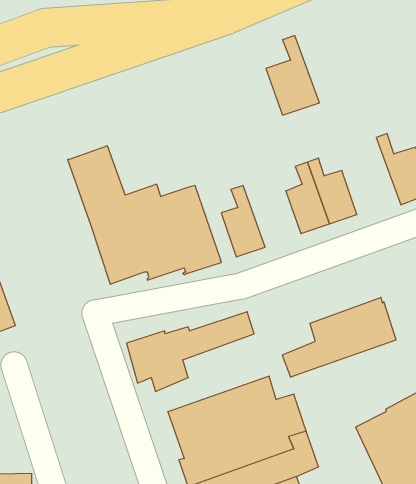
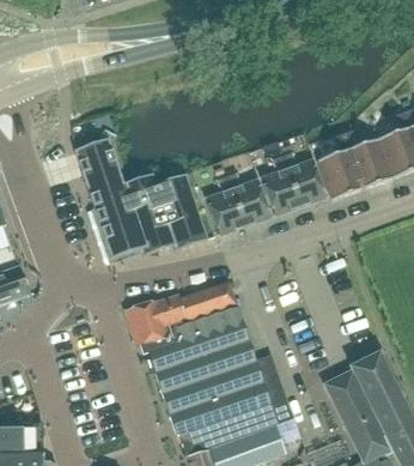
building: [266,36,319,115] -> [317,129,364,199]
building: none -> [226,168,270,225]
building: [282,297,396,377] -> [150,301,249,370]

